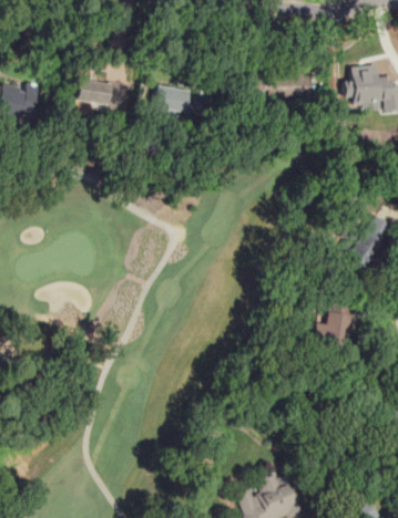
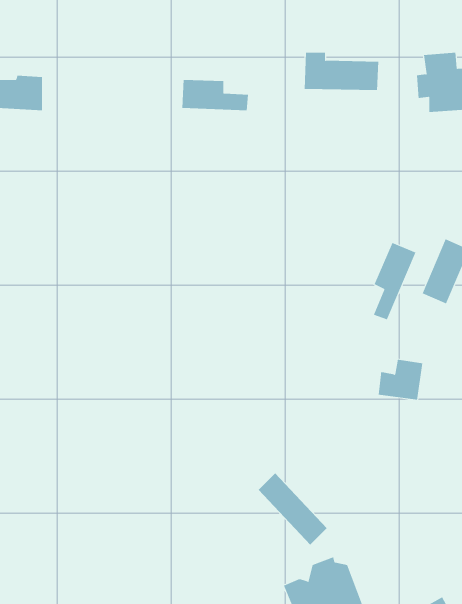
building: [76,77,129,107] -> none
building: none -> [373,242,416,320]
building: none -> [258,473,328,545]

